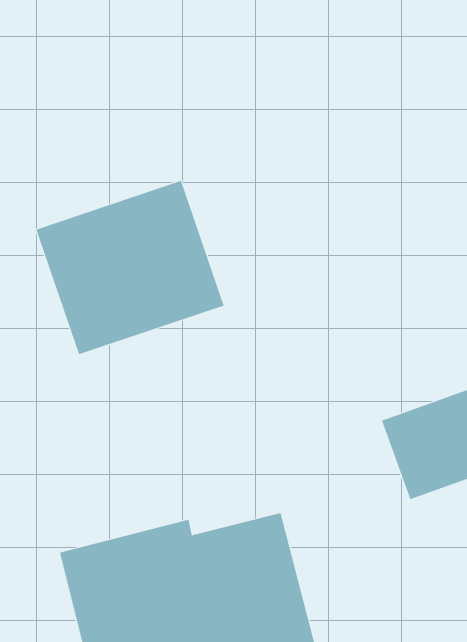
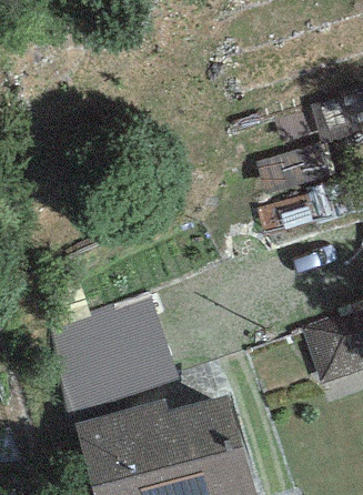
building: [36,180,224,355] -> [44,293,177,415]

